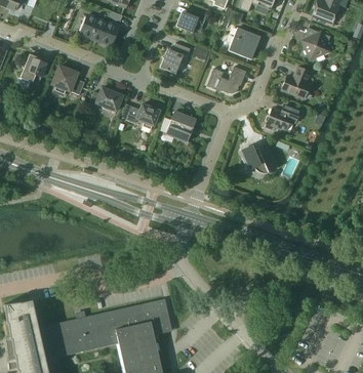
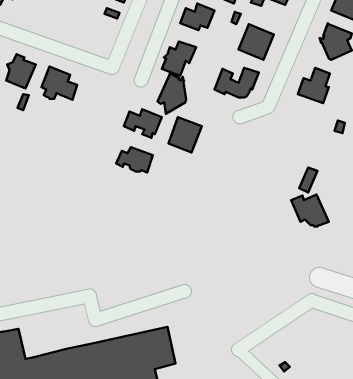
building: [80,14,118,46] -> none
building: none -> [158,73,186,114]
building: [89,88,122,111] -> [116,147,153,173]
building: [266,107,300,131] -> none
building: [242,144,276,173] -> [291,194,329,226]

